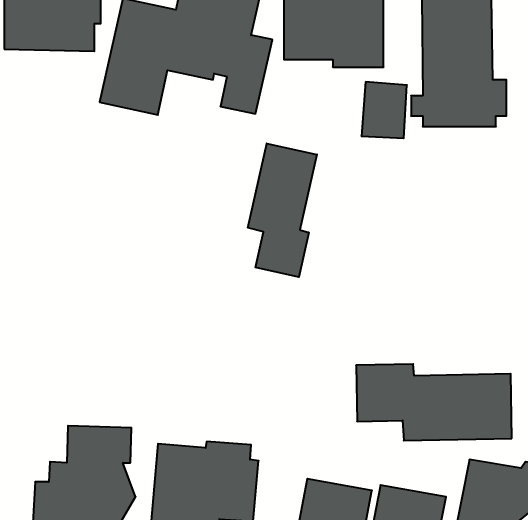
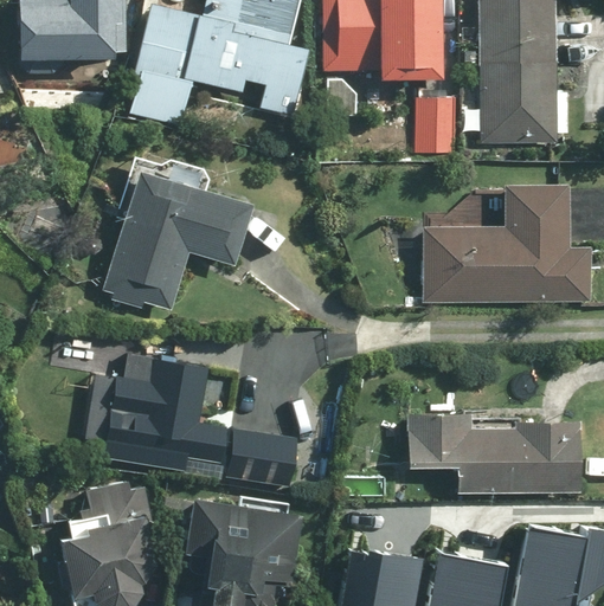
building: none -> [104,153,253,314]
building: [248,143,317,277] -> none
building: none -> [426,185,593,301]
building: none -> [88,352,298,489]

